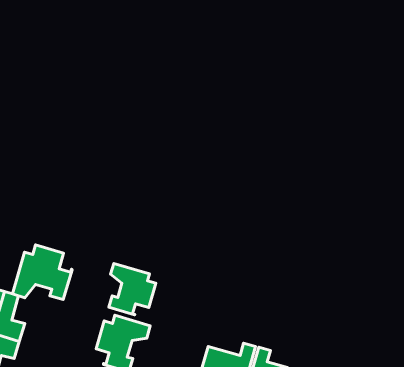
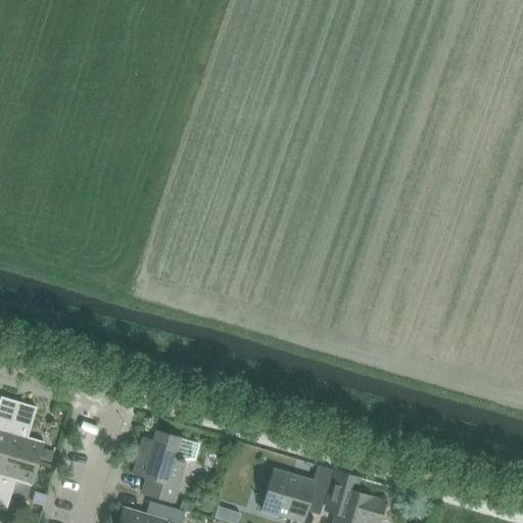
building: [13,245,72,299] -> none
building: [109,264,156,315] -> none

